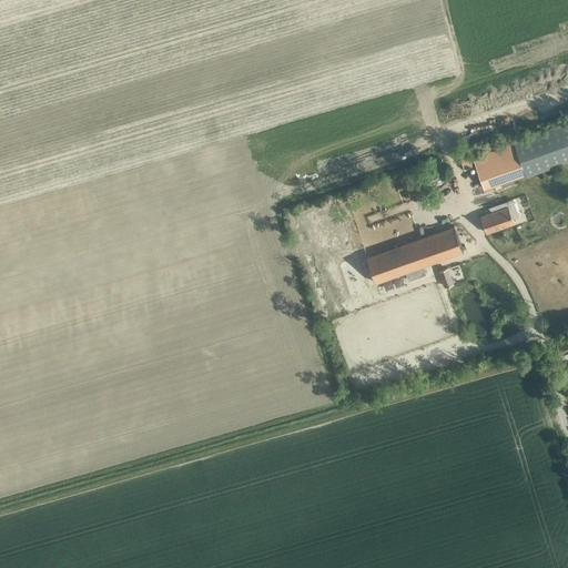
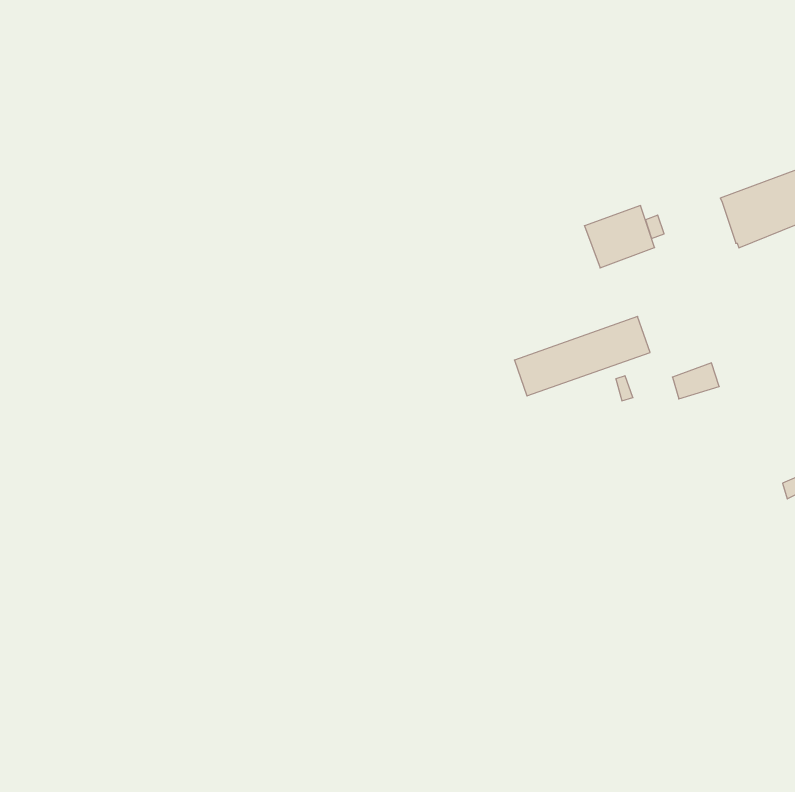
building: [475,146,525,191] -> [584,206,655,268]
building: [480,209,514,234] -> [672,363,719,399]

